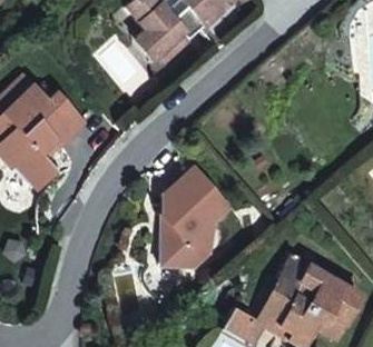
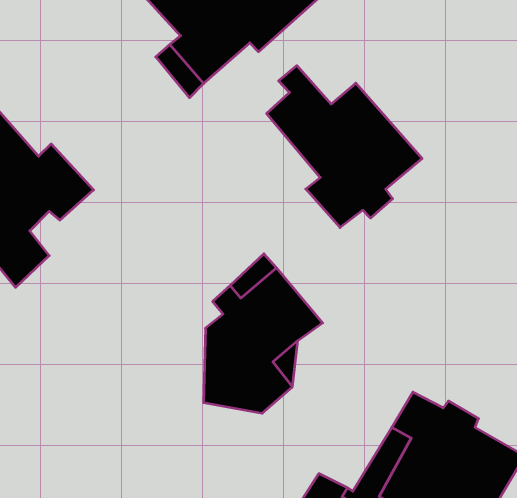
building: none -> [267,66,422,228]

